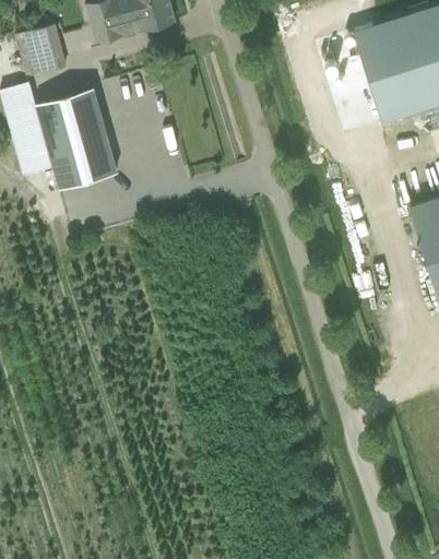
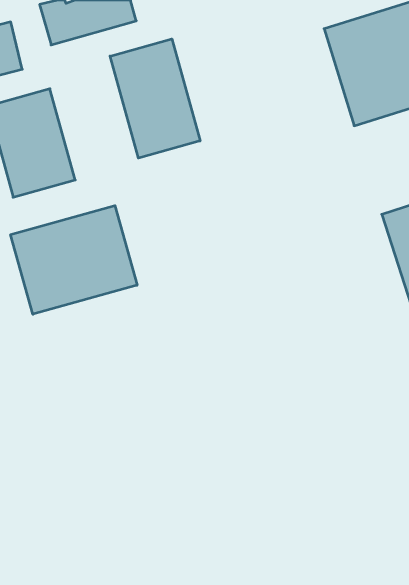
building: none -> [110,39,200,158]
building: none -> [11,206,137,314]

